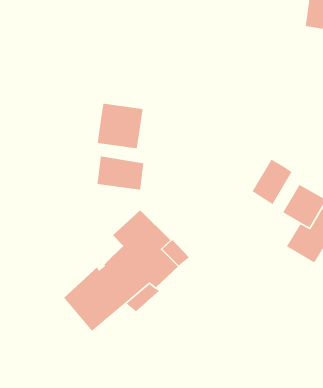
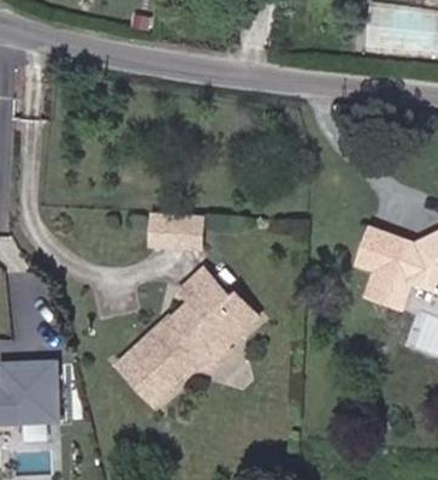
building: [97,103,144,149] -> none
building: [251,158,293,205] -> none

